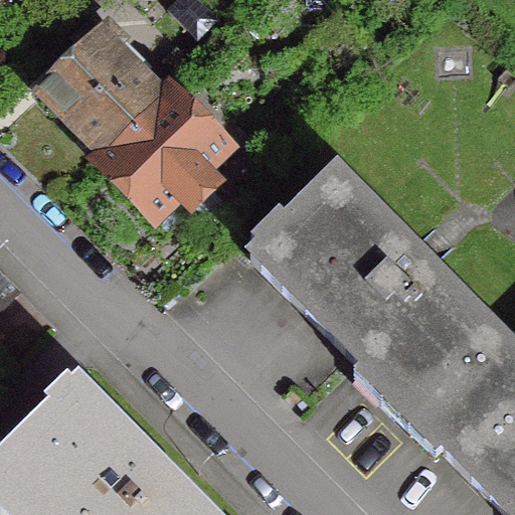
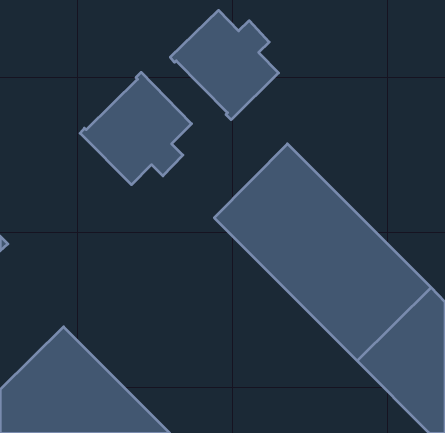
building: none -> [170,10,279,120]
building: [35,18,159,150] -> none

